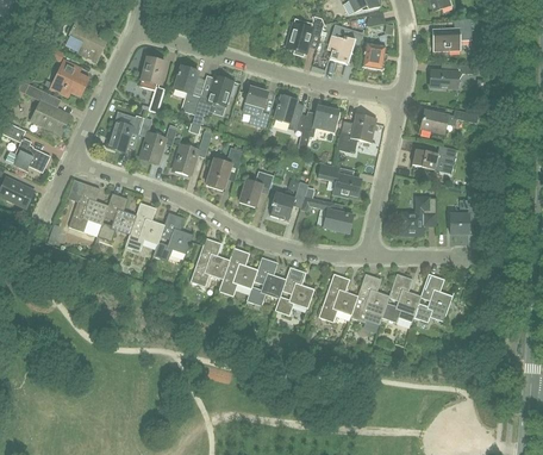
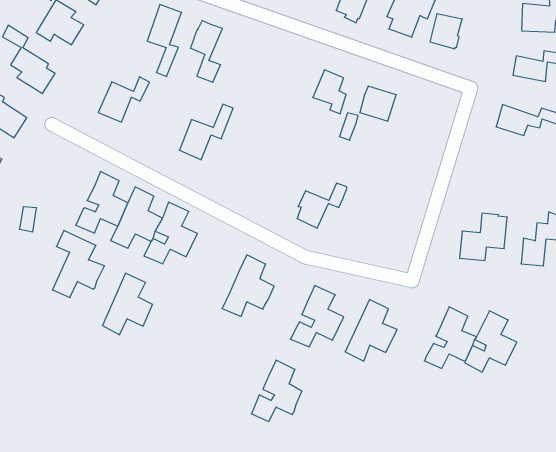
building: [192,75,233,125] -> none
building: [243,86,268,126] -> none
building: [337,113,374,152] -> none
building: [139,126,176,163] -> none
building: [412,144,456,168] -> none
building: [206,147,244,188] -> none
building: [318,162,361,197] -> none
building: [239,170,274,206] -> none
building: [69,179,108,231] -> [52,230,105,298]
building: [300,195,352,232] -> none
building: [191,237,229,286] -> [102,273,153,335]
building: [246,256,285,305] -> [251,360,302,421]
building: [350,273,389,322] -> none

